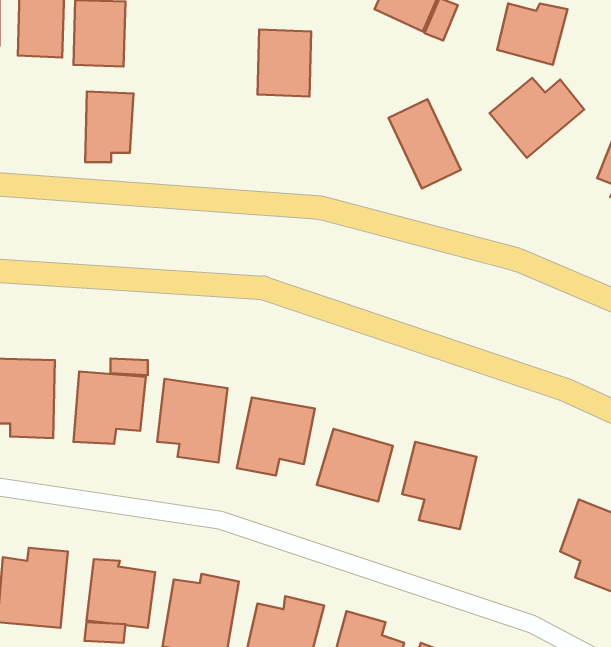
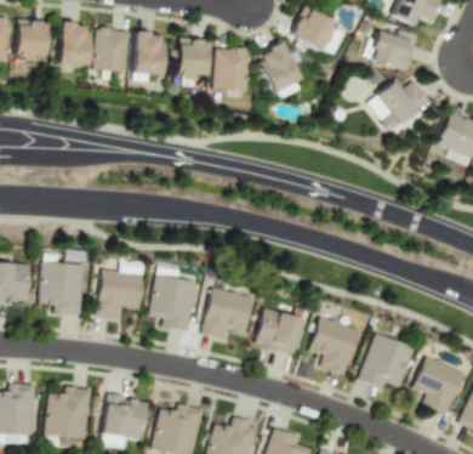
building: none -> [178,39,210,76]
building: [85,92,133,162] -> [135,34,166,80]
building: [388,99,461,188] -> [257,41,304,100]
building: none -> [360,334,415,388]

